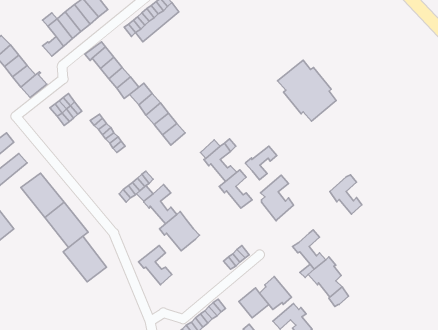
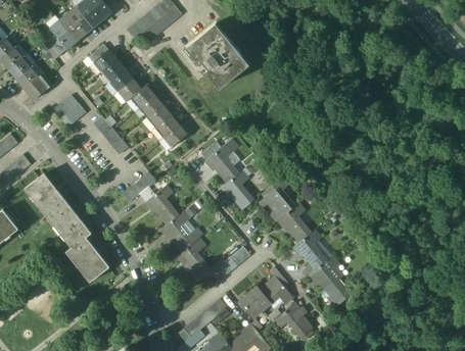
building: [277,60,336,121] -> [188,27,246,87]
building: [246,146,277,180] -> none
building: [330,175,362,214] -> [278,204,310,243]
building: [139,245,172,285] -> [177,240,210,279]

